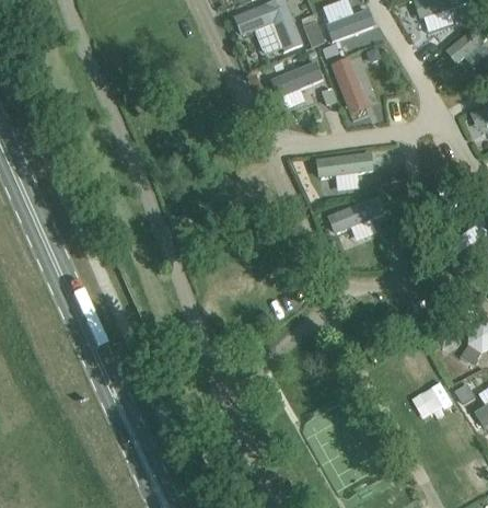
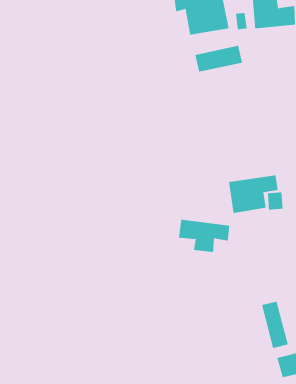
building: [330,57,372,116] -> none
building: [317,154,374,188] -> [178,219,230,253]
building: none -> [261,301,289,349]

